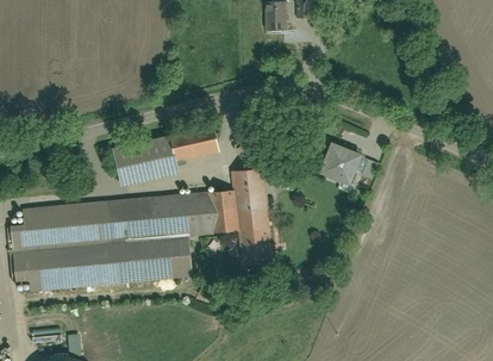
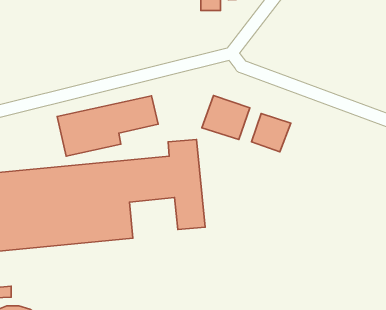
building: none -> [202,95,250,139]

